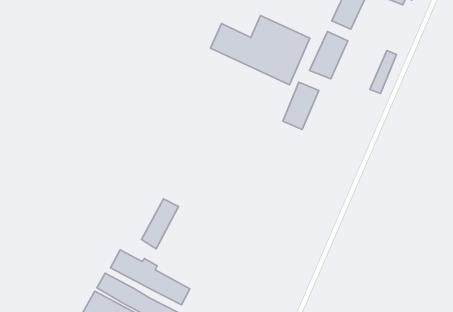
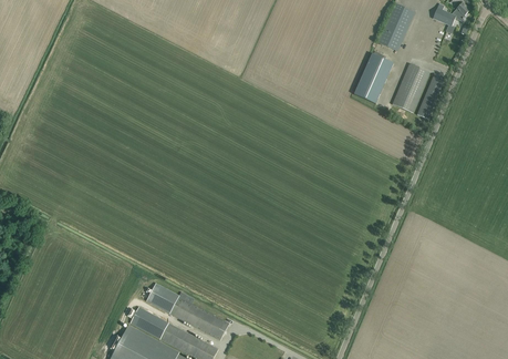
building: [211,16,310,85] -> none
building: [283,82,319,130] -> [392,63,429,113]
building: [142,199,178,249] -> none

